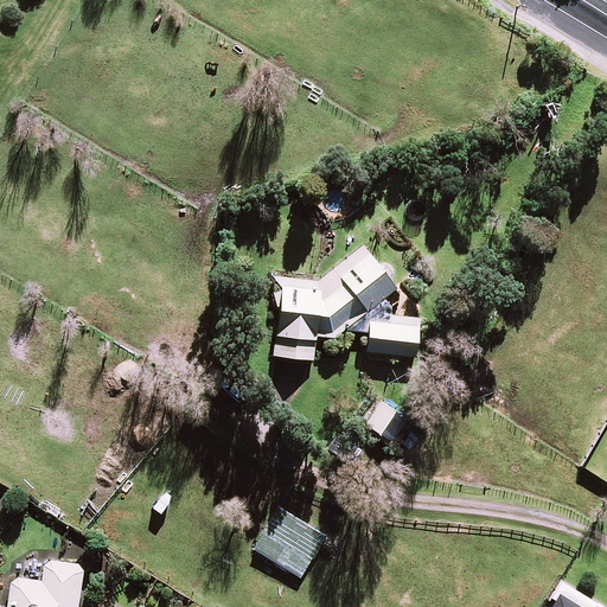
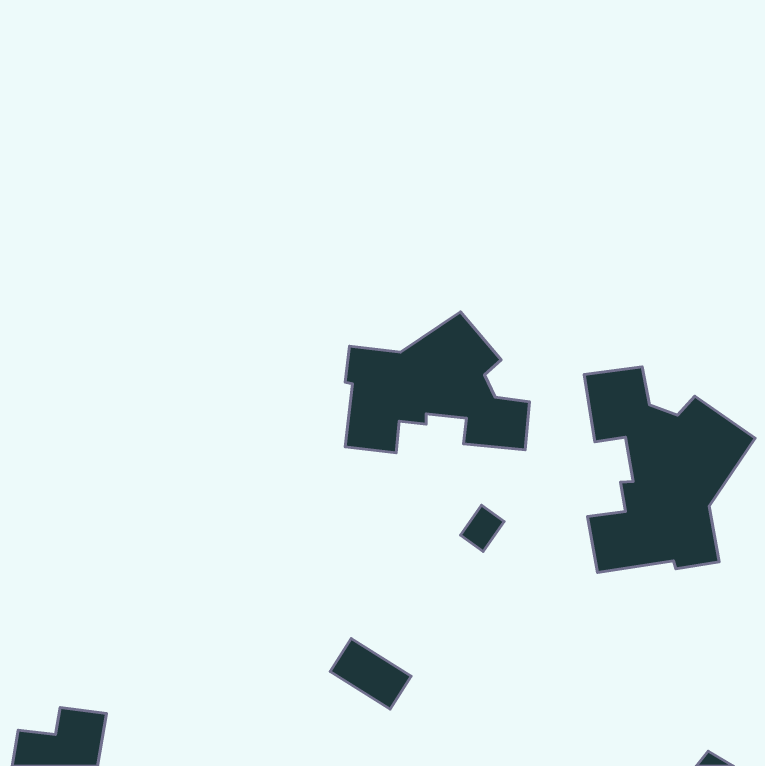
building: none -> [584,367,755,572]

